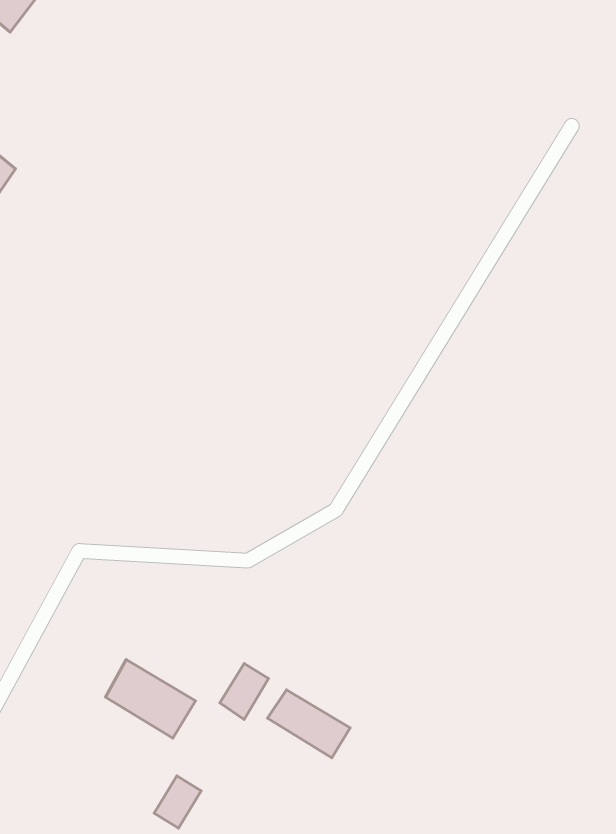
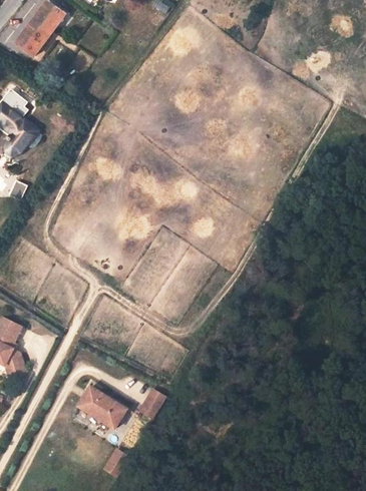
building: [268,690,350,758] -> none

